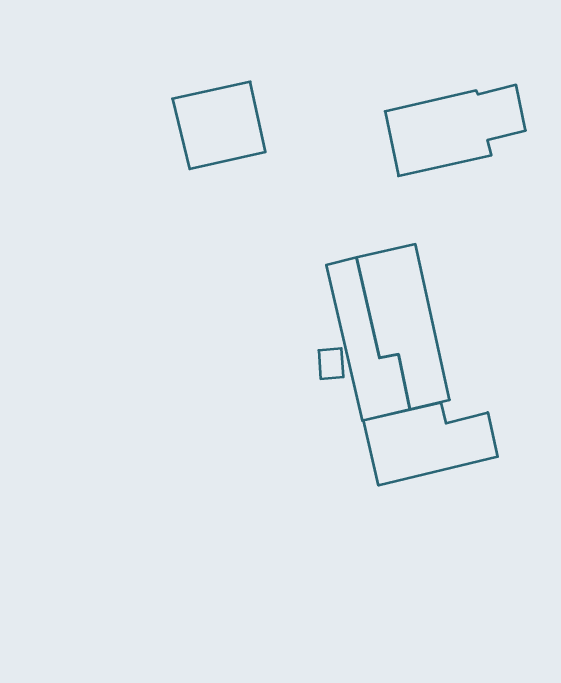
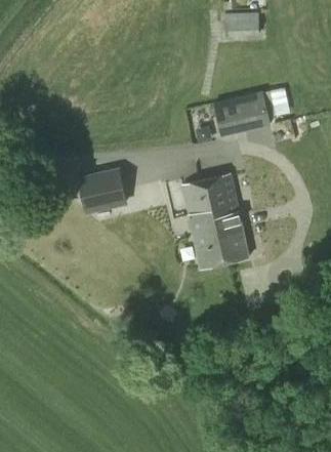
building: [172,82,265,169] -> [77,167,127,214]
building: [363,402,498,485] -> none

